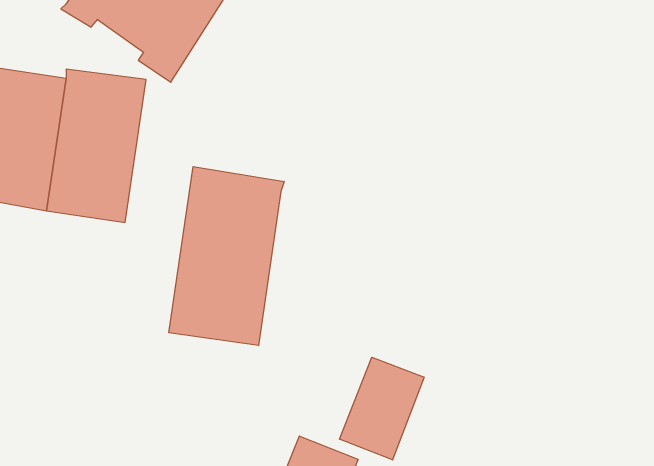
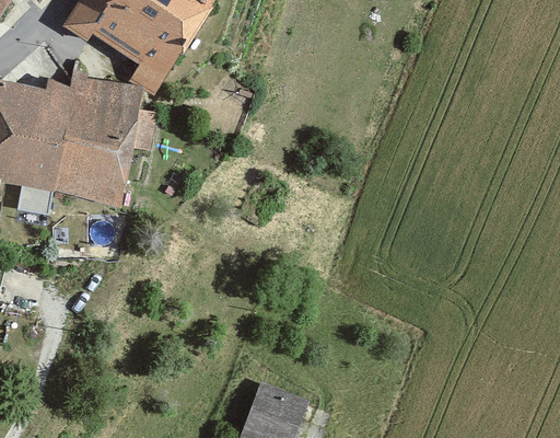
building: [169,167,284,346] -> none
building: [340,357,424,460] -> none

